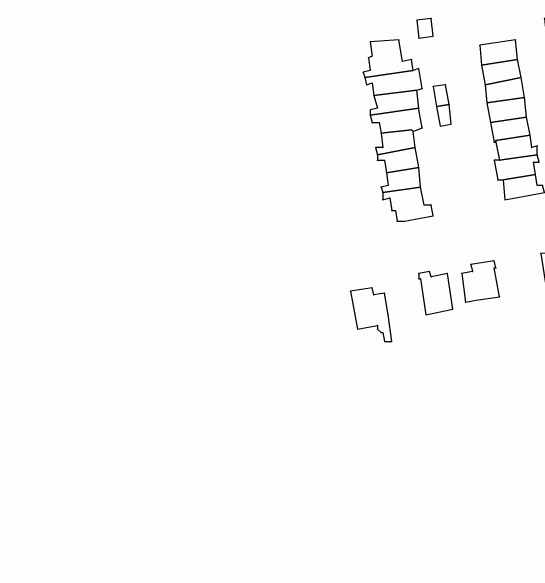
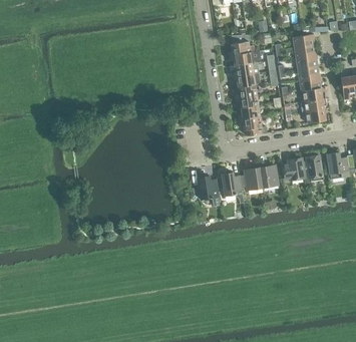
building: none -> [301,153,323,185]
building: none -> [240,166,263,189]
building: none -> [198,175,220,206]

